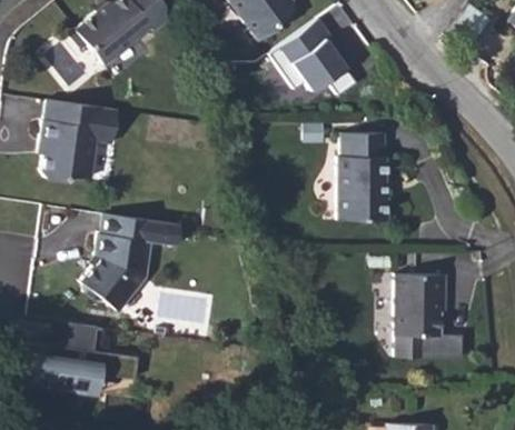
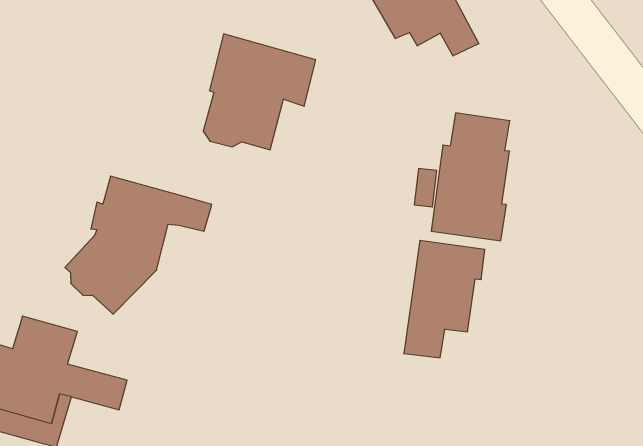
building: [37,94,112,176] -> [203,34,316,150]
building: [398,277,448,360] -> [404,240,485,358]

